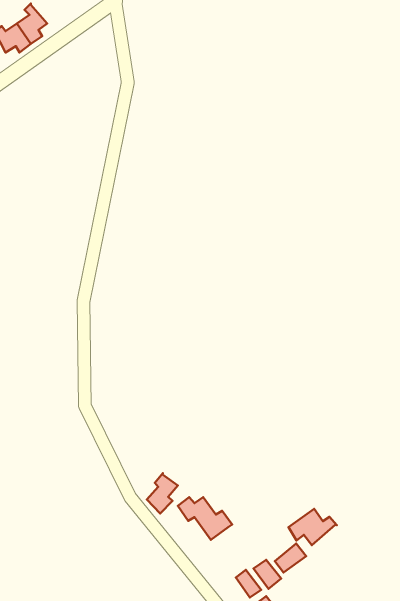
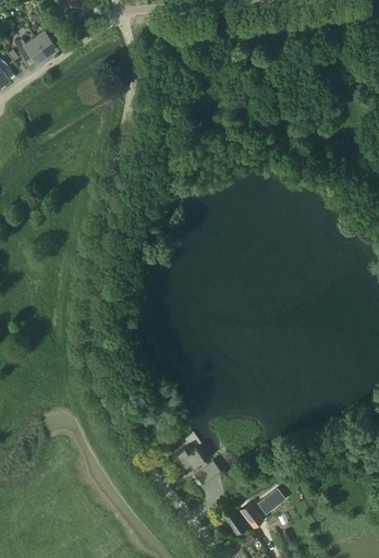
building: [147,473,178,513] -> none
building: [289,509,337,545] -> none

